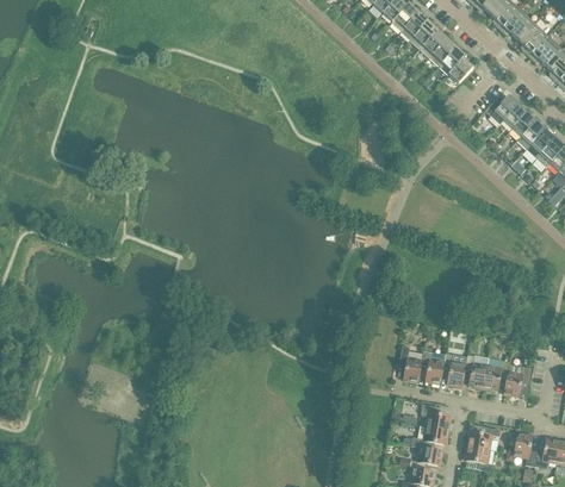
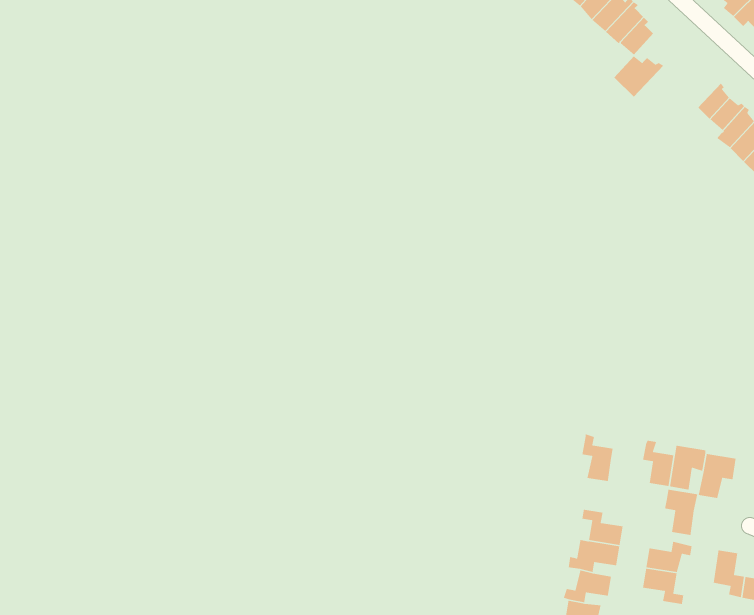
building: [485,95,521,125] -> [613,55,664,98]
building: [399,345,424,383] -> none
building: [443,354,467,387] -> [664,489,698,536]

